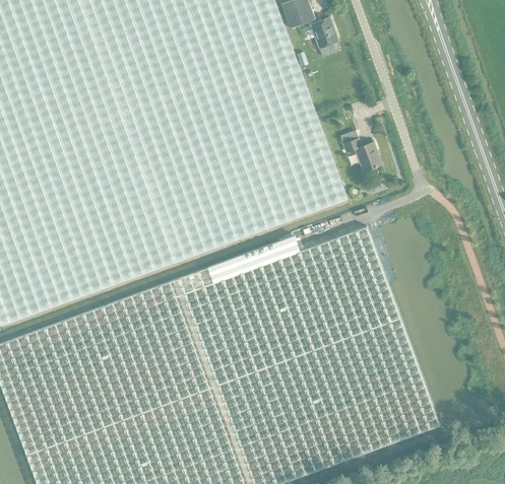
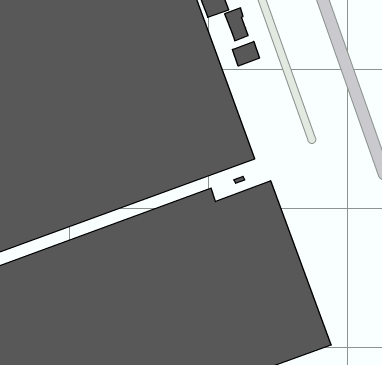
building: none -> [232,41,260,66]
building: [342,138,379,171] -> none

